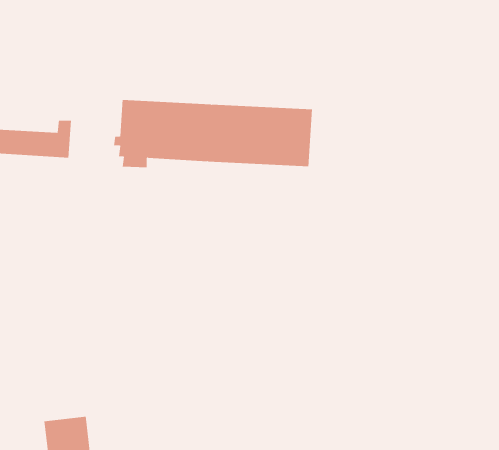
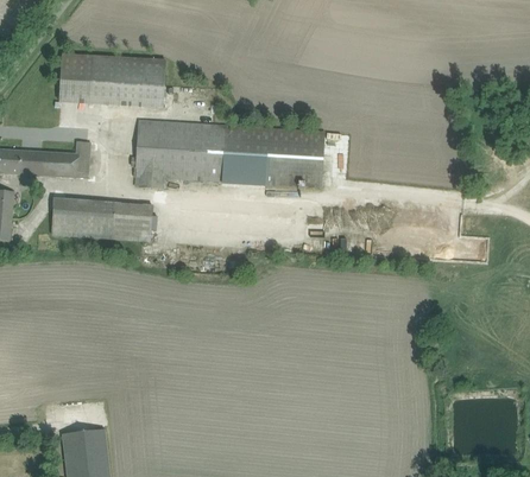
building: none -> [58,53,165,107]
building: none -> [51,197,152,241]

